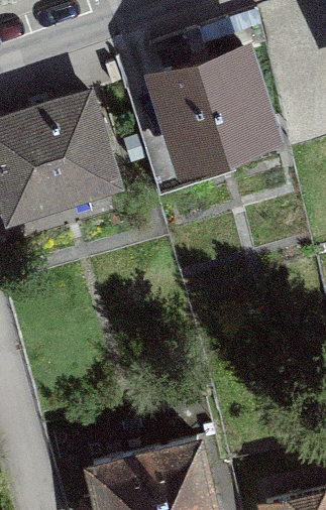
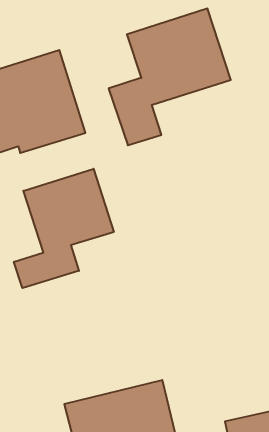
building: none -> [14,169,114,288]

